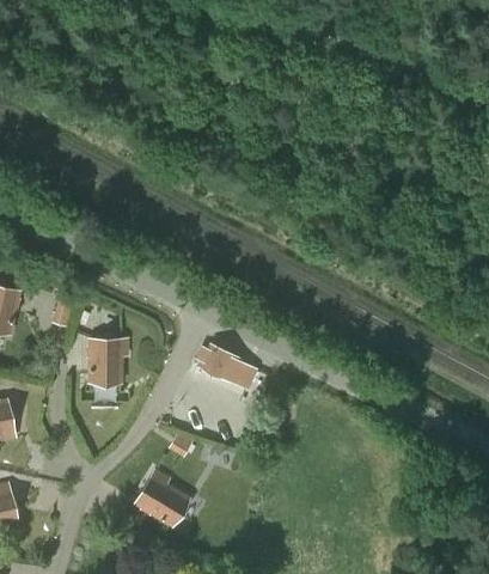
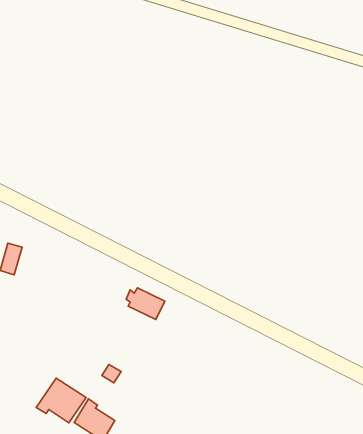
building: [90,338,126,383] -> none
building: none -> [36,378,86,423]

